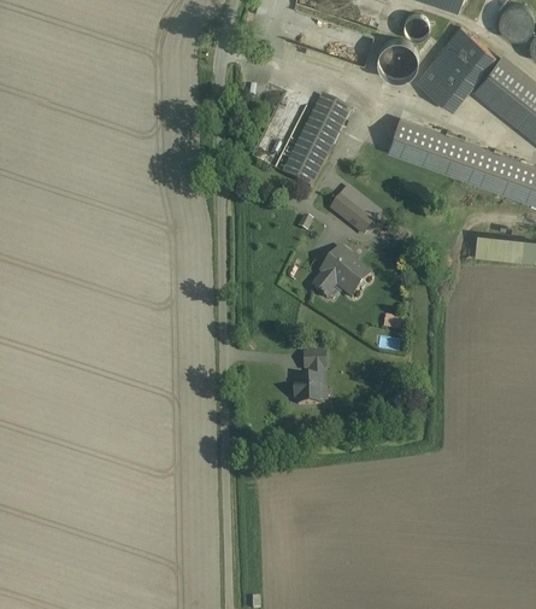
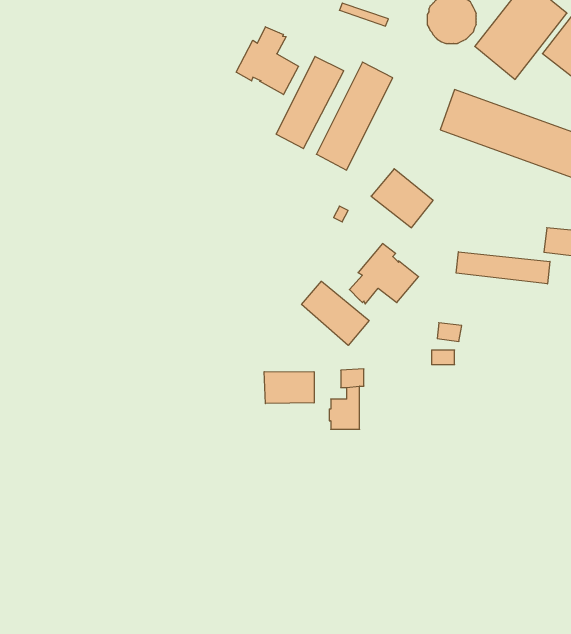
building: none -> [236,27,299,95]
building: none -> [456,252,550,284]
building: none -> [302,281,369,345]
building: none -> [264,372,314,404]

